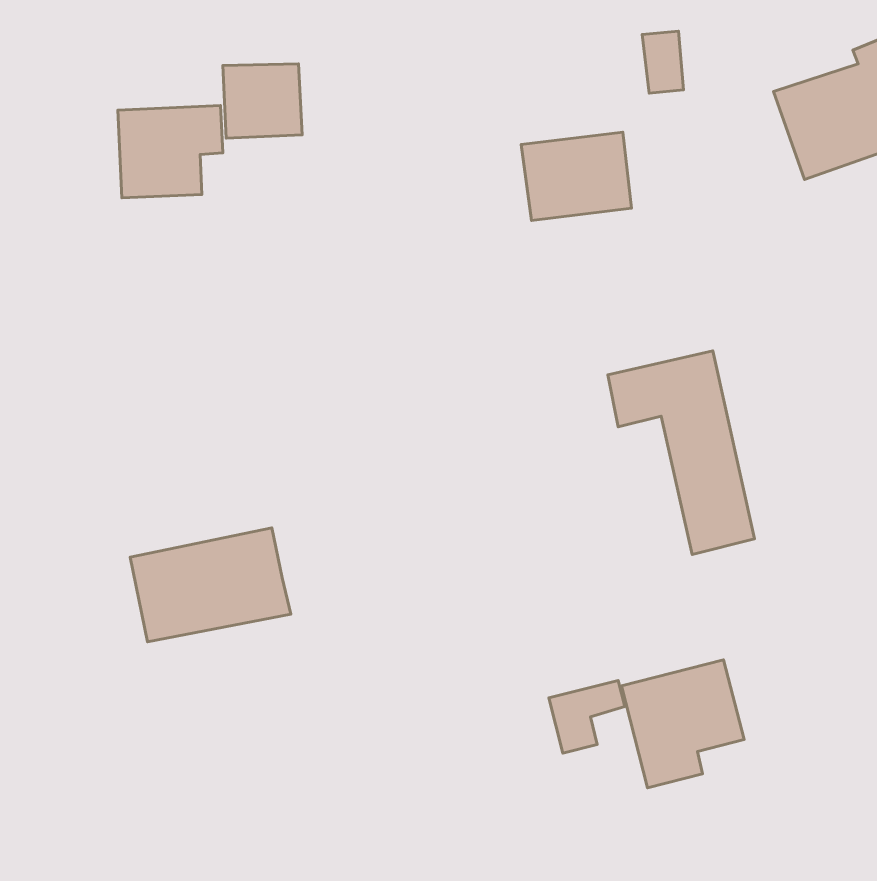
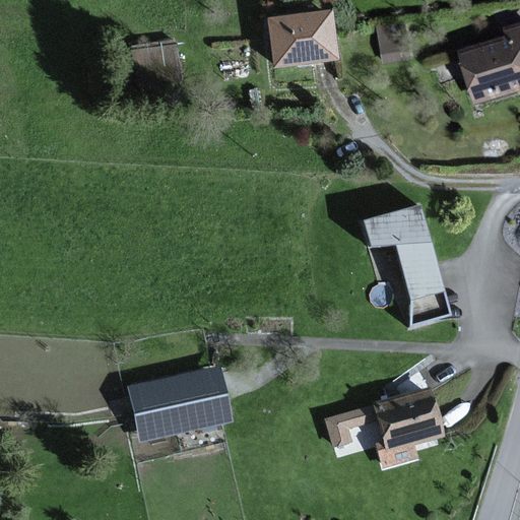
building: [118,106,223,198] -> none
building: [521,132,631,220] -> [274,11,339,63]
building: [130,528,291,642] -> [136,370,231,437]

